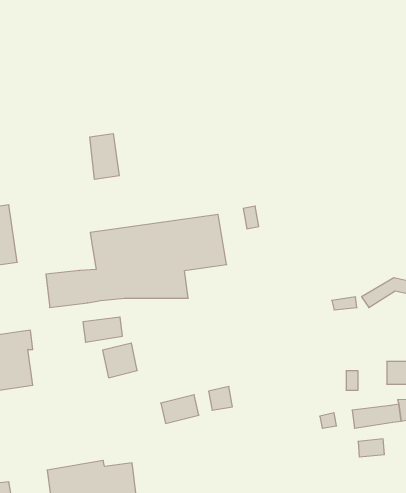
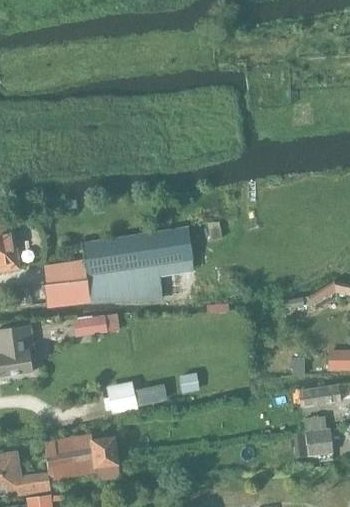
building: [90,134,119,179] -> none
building: [103,343,137,378] -> [107,383,136,412]
building: none -> [305,429,332,455]

